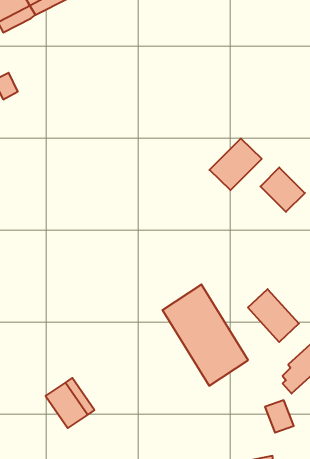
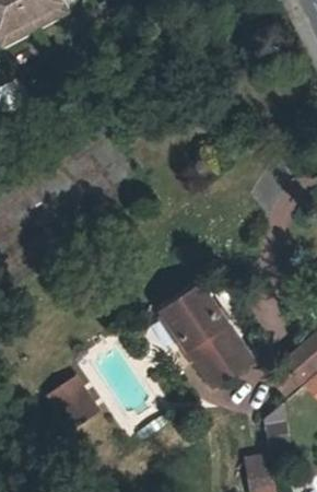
building: [209,138,262,190] -> none
building: [248,289,299,342] -> none

